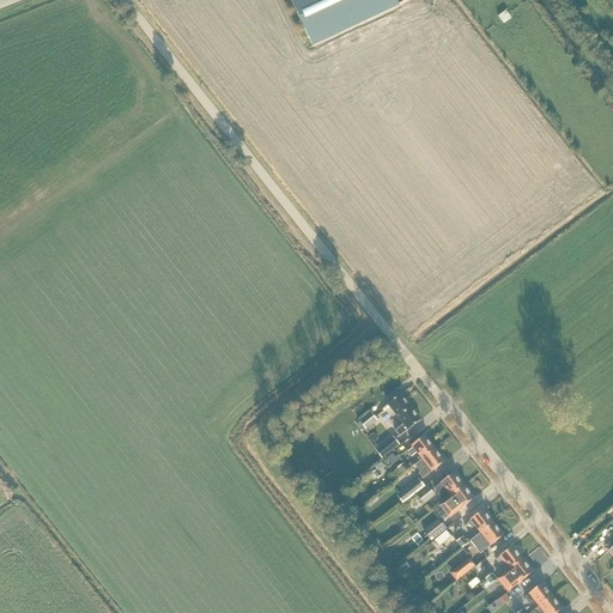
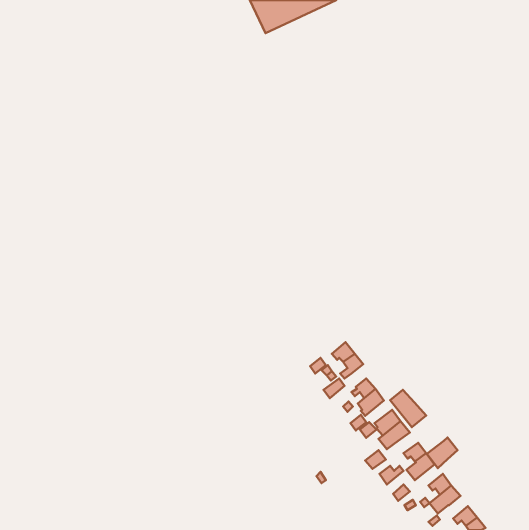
building: none -> [390,390,426,427]
building: none -> [427,438,457,468]

